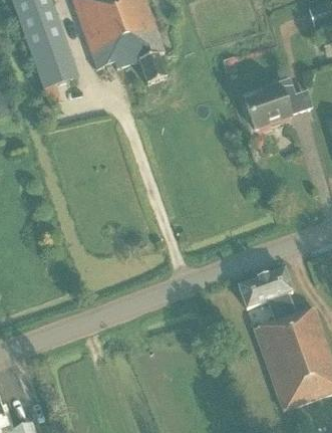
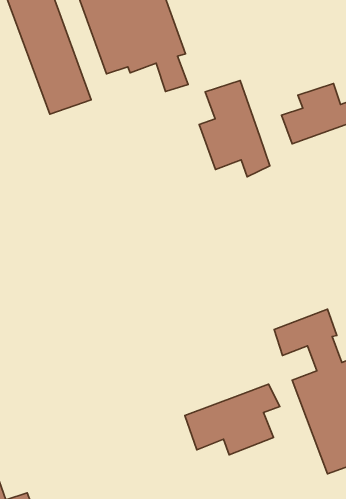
building: none -> [199,80,270,177]
building: none -> [185,384,280,455]

